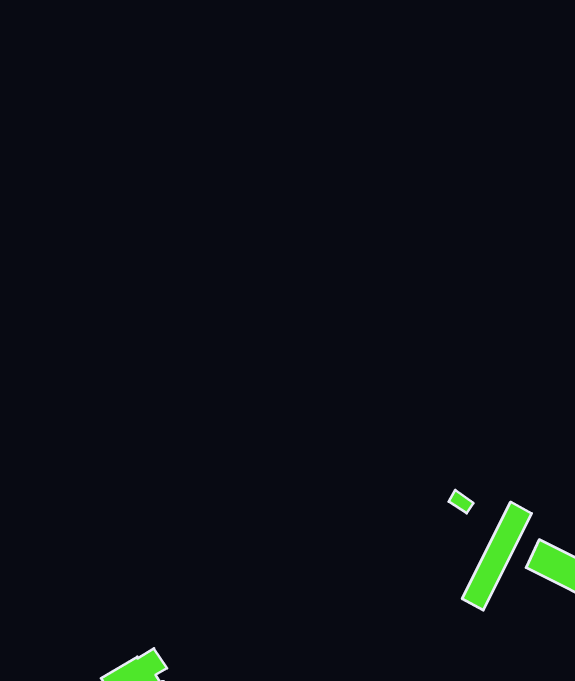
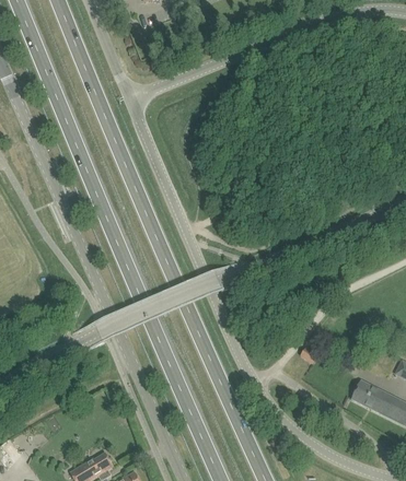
building: [462,502,532,610] -> none

